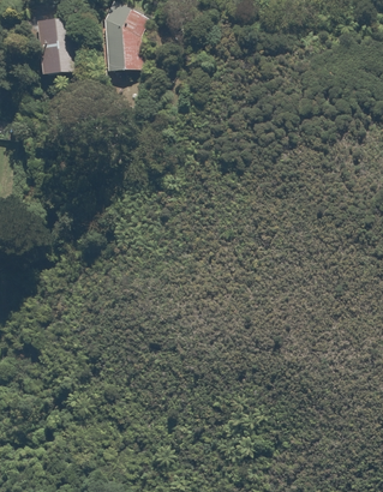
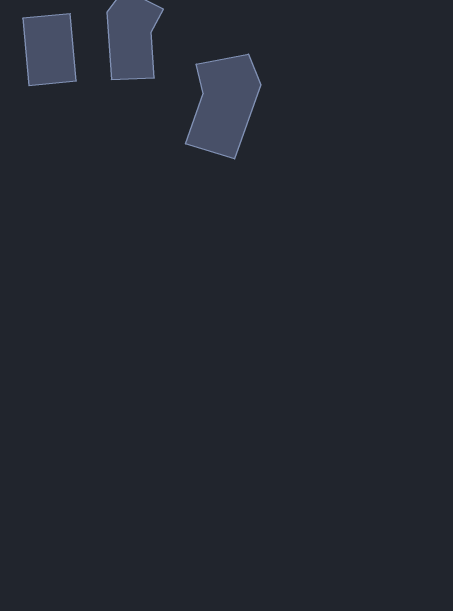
building: none -> [186,54,261,159]

